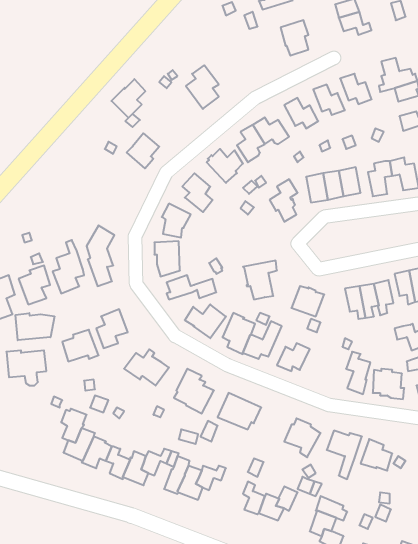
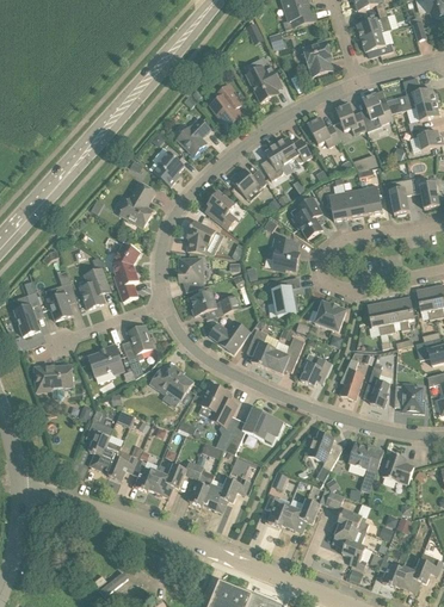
building: none -> [246,64,282,100]
building: [111,79,145,118] -> [177,116,210,154]
building: none -> [119,181,154,227]
building: none -> [271,236,298,270]
building: [16,313,54,340] -> none
building: none -> [340,357,363,398]

